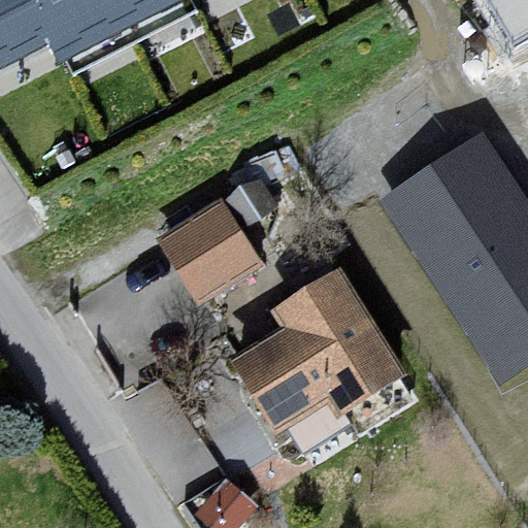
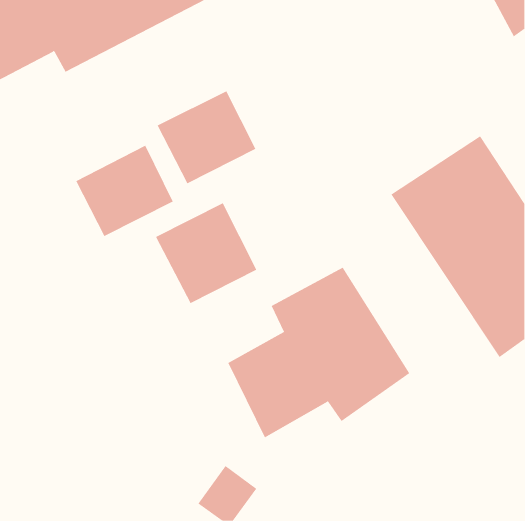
building: none -> [157,91,256,184]
building: none -> [75,145,173,237]

